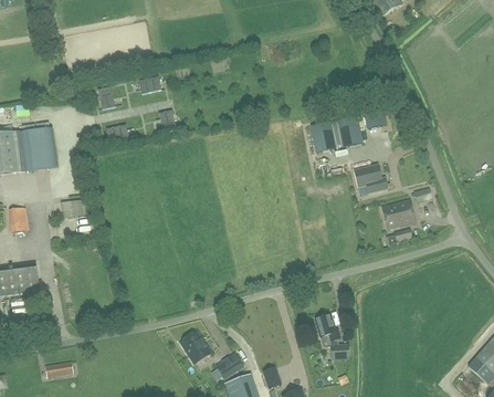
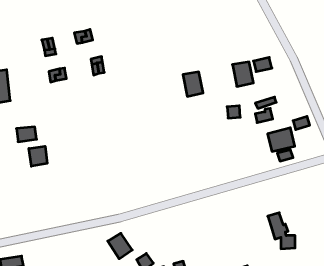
building: [309,122,335,153] -> [183,72,203,96]
building: none -> [29,146,47,166]
building: [314,314,348,359] -> [268,213,295,249]

